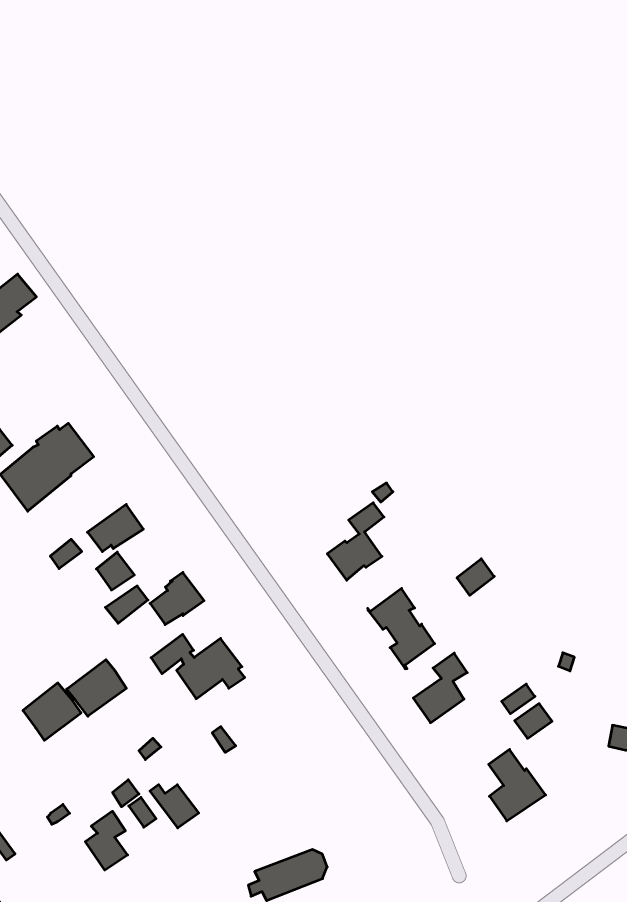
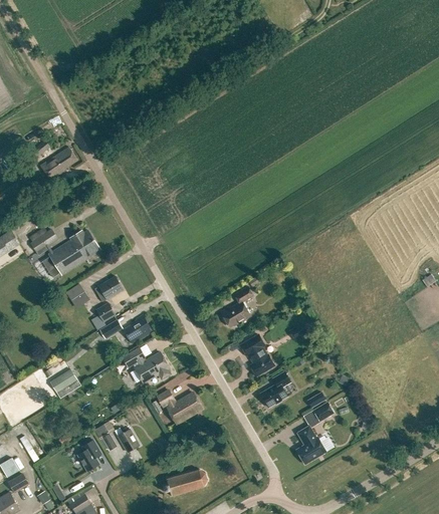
building: [67,660,126,716] -> none
building: none -> [158,391,203,424]

